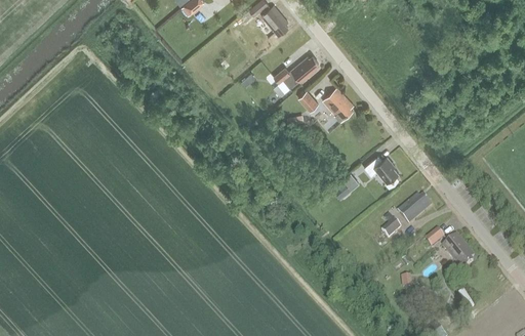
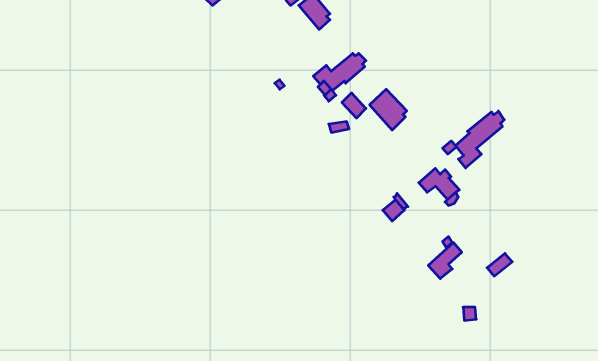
building: none -> [443,111,504,168]
building: [397,194,432,223] -> none
building: [442,234,474,266] -> none

